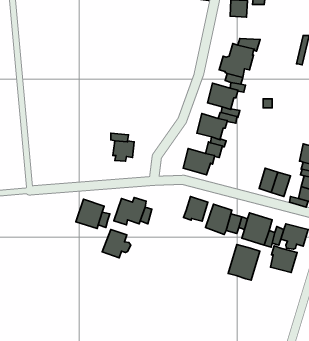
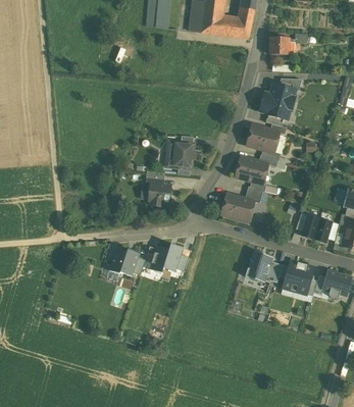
building: none -> [165,141,195,168]
building: [184,196,208,221] -> none
building: [102,230,131,258] -> none
building: [228,244,260,280] -> none
building: [270,246,297,272] -> none

